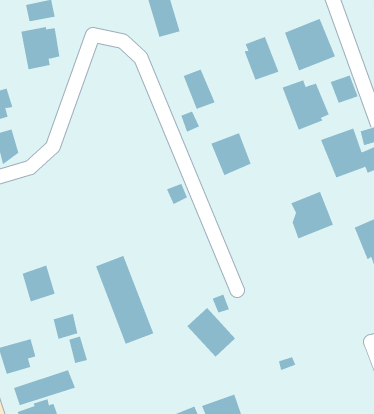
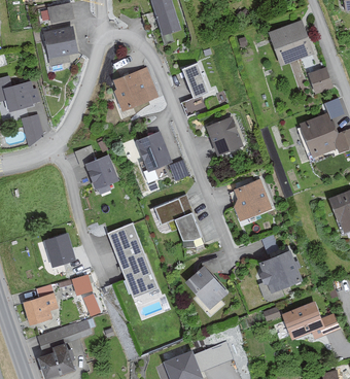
building: [244,36,279,80] -> none
building: none -> [113,68,156,111]
building: [282,79,329,130] -> none
building: none -> [137,131,172,170]
building: none -> [73,145,116,188]
building: [291,191,334,239] -> [233,179,270,220]
building: none -> [155,194,199,238]
building: none -> [258,250,303,304]
building: none -> [287,304,325,340]

